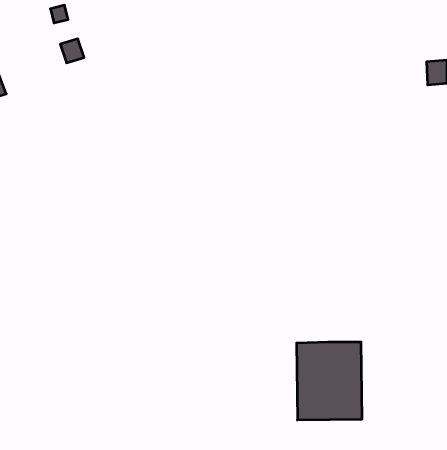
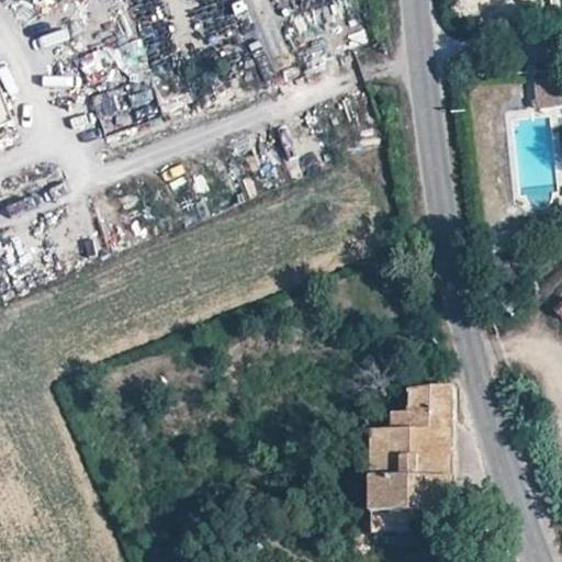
building: none -> [407,384,448,425]

